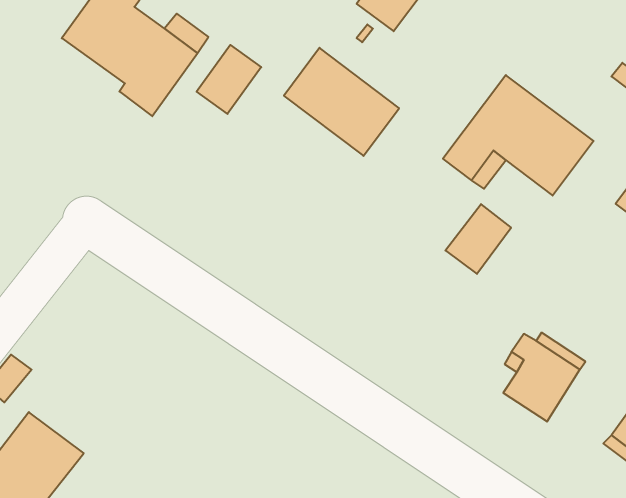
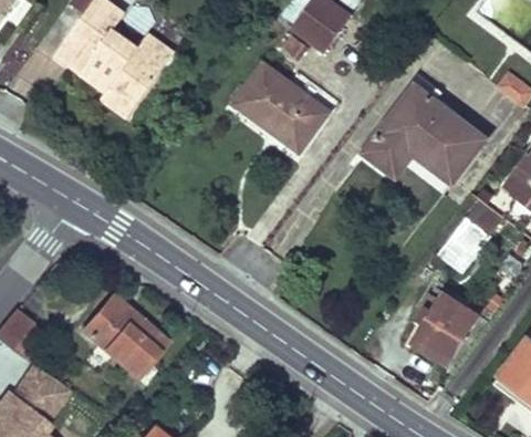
building: [197,45,261,114] -> none
building: [445,204,511,274] -> [438,216,491,272]
building: none -> [82,295,166,376]

